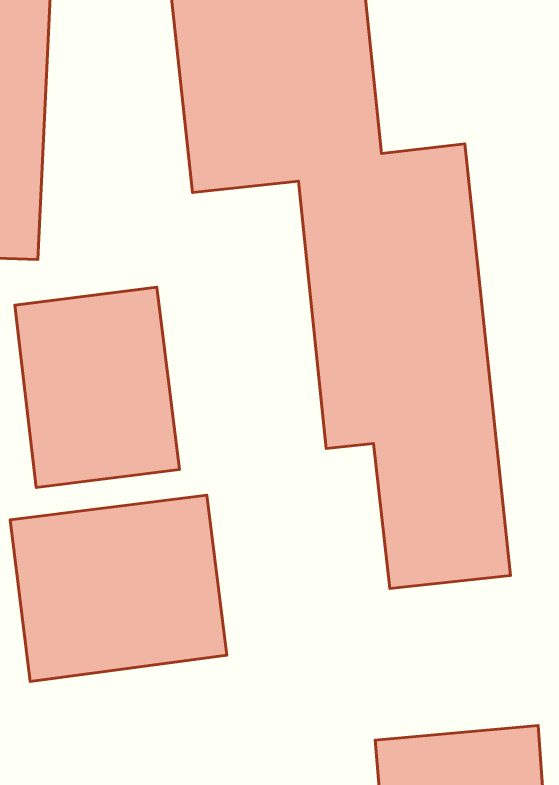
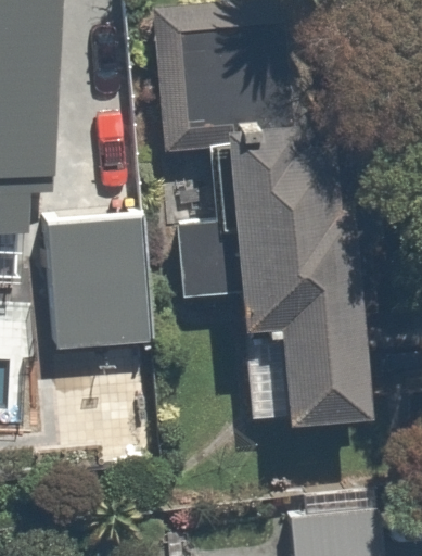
building: [10,495,227,682] -> none

